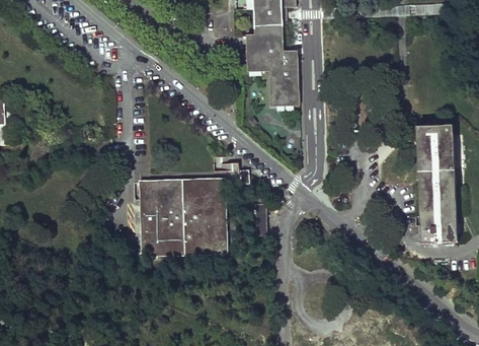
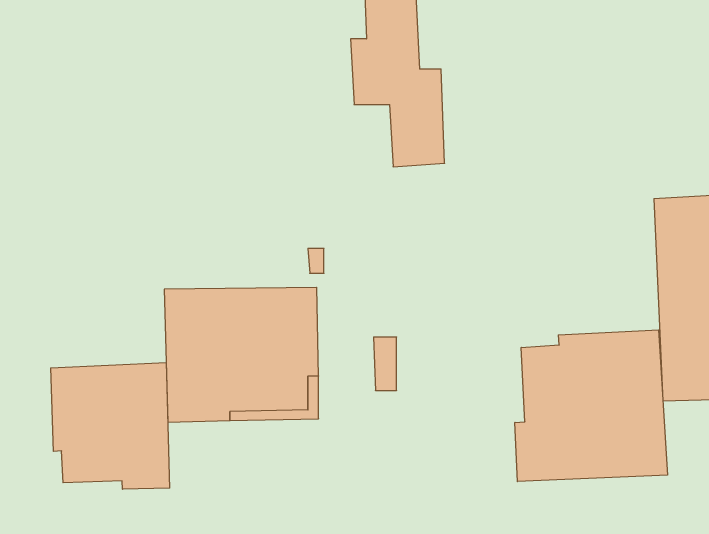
building: none -> [515,330,667,482]
building: none -> [51,363,170,489]

